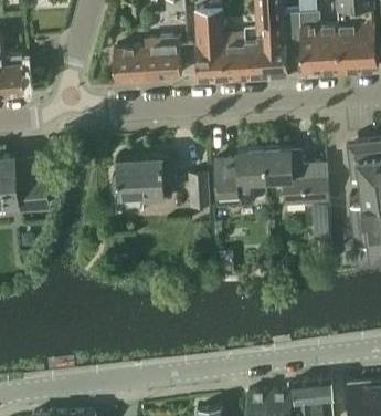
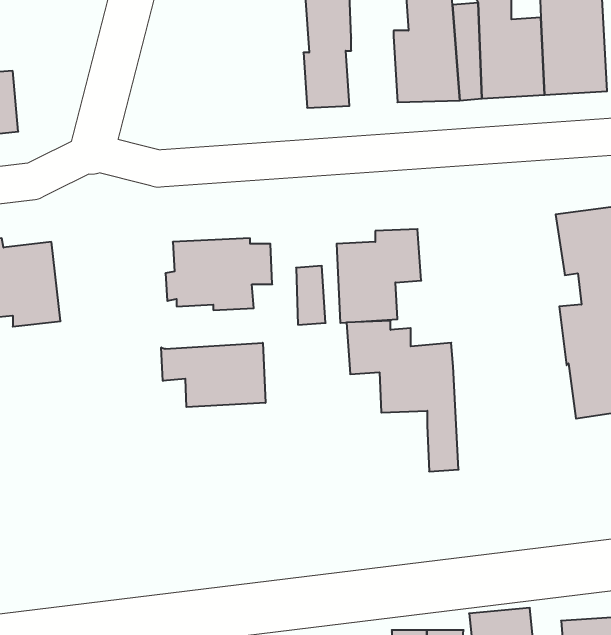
building: [220,34,251,76] -> none
building: [114,37,181,81] -> none
building: [263,149,330,240] -> [346,321,459,471]
building: none -> [161,343,265,407]

